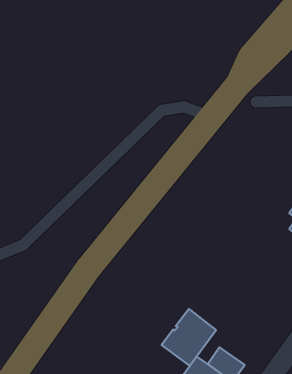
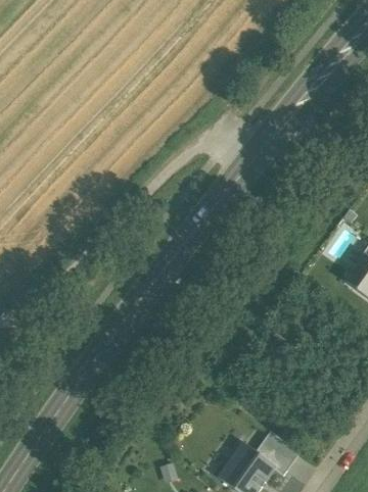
building: [162,309,216,366] -> none

